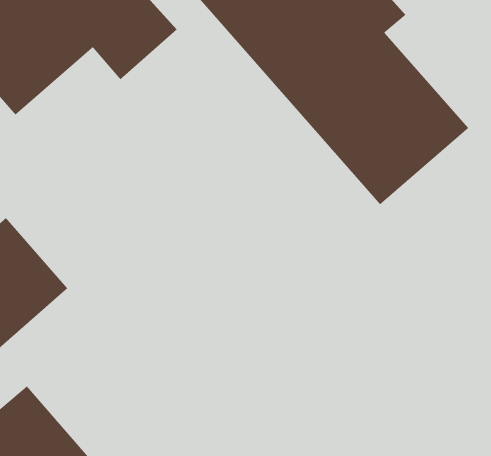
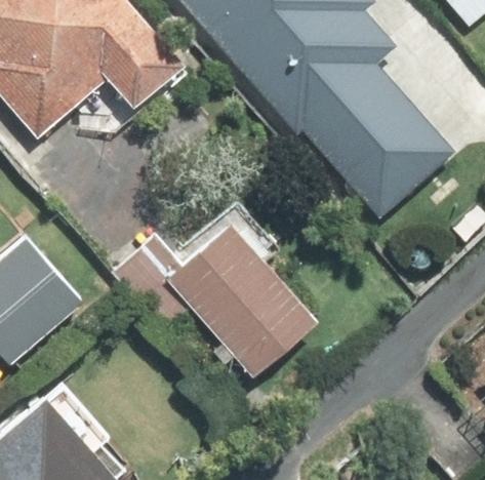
building: none -> [111,217,319,373]

